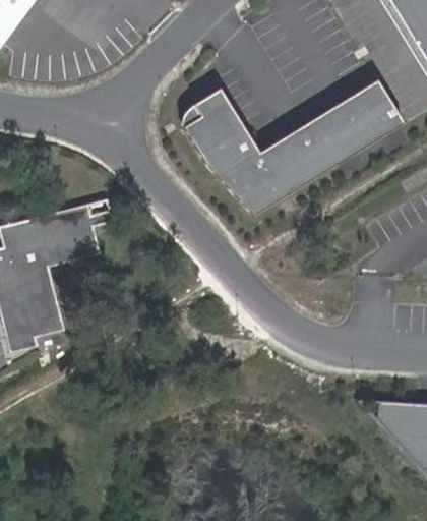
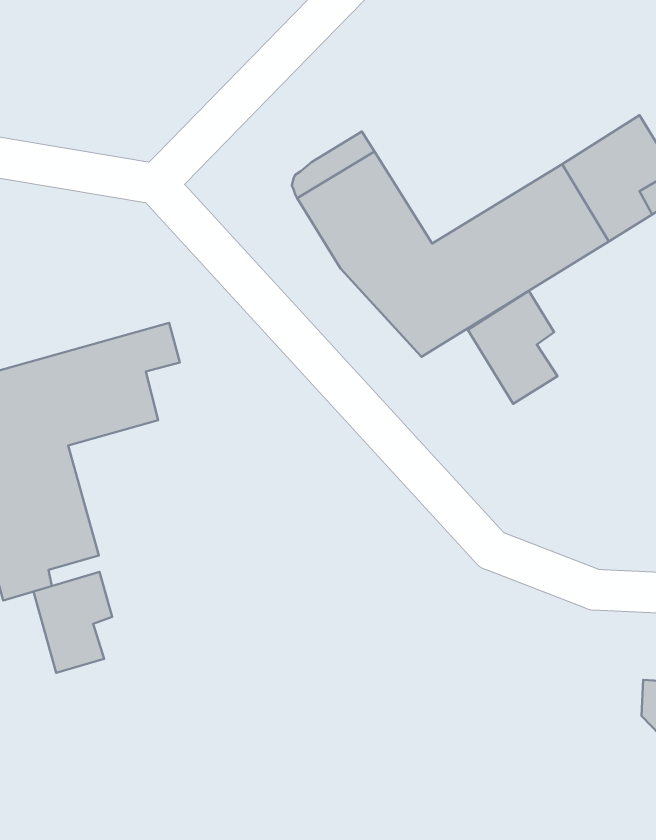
building: none -> [468,291,558,404]
building: none -> [34,572,112,673]

